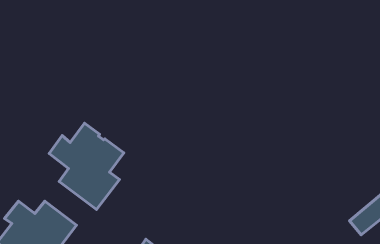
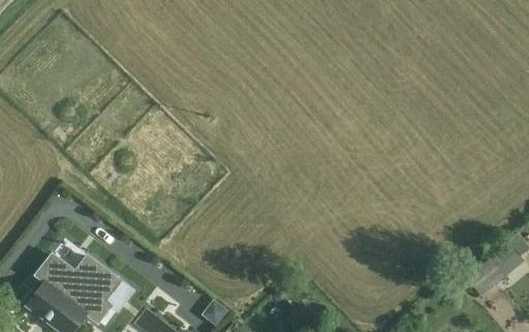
building: [49,123,124,210] -> none

